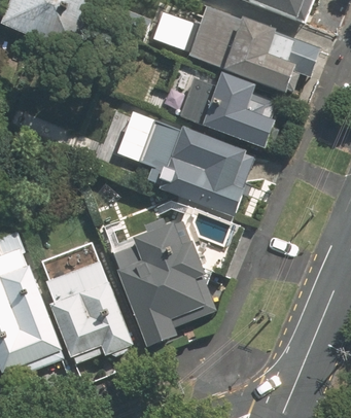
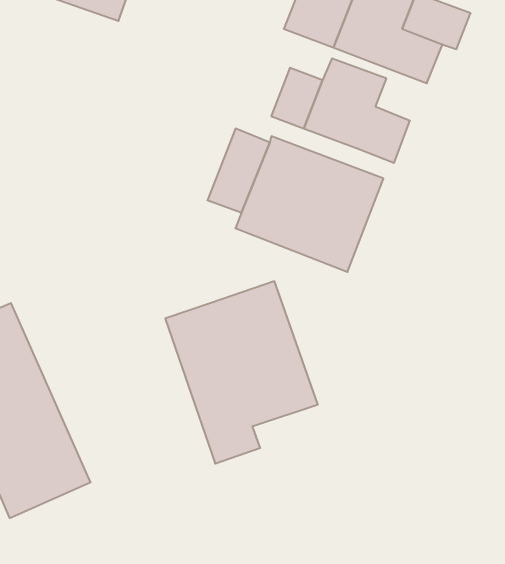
building: [38,242,132,365] -> none

